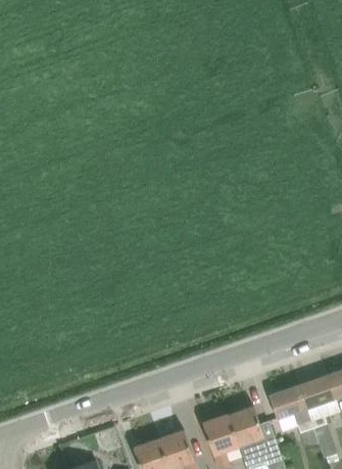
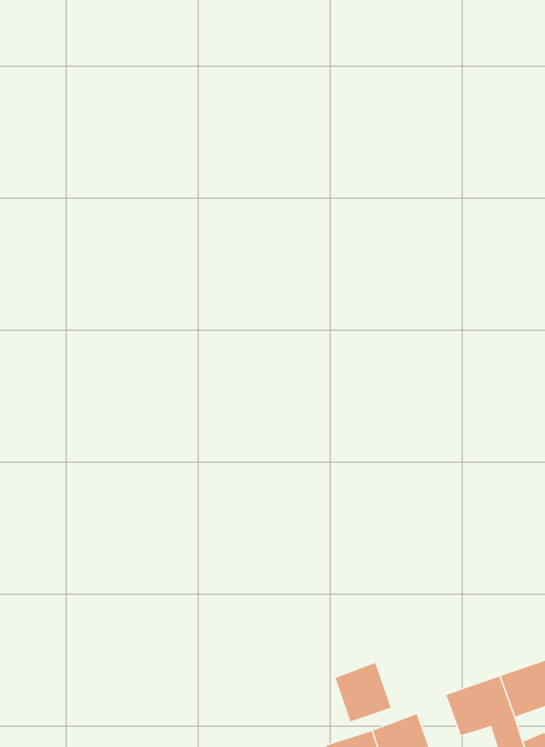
building: none -> [335,662,392,722]

